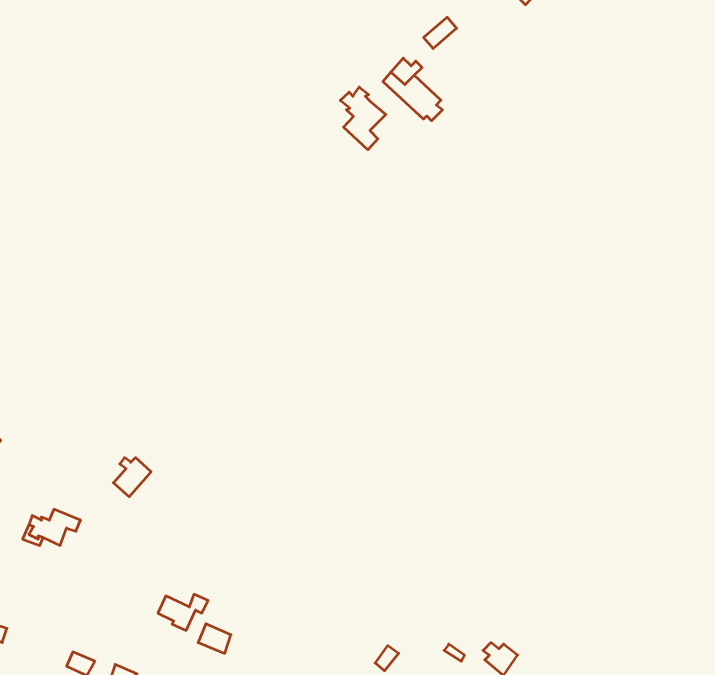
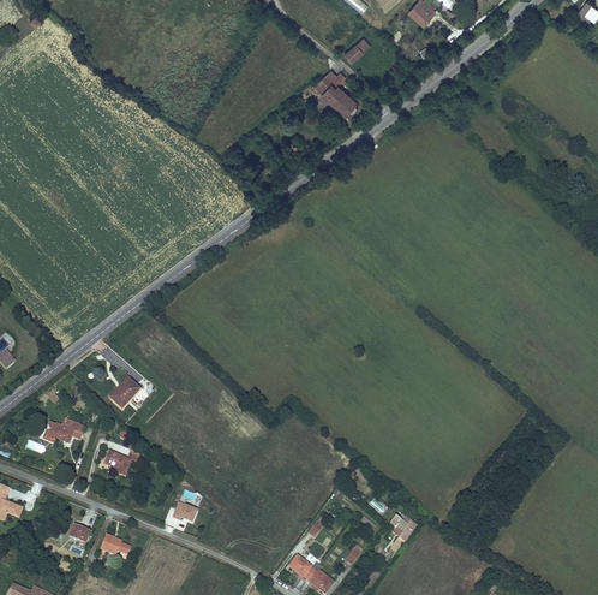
building: [340,87,386,150] -> none
building: [158,594,208,630] -> [101,446,139,474]

